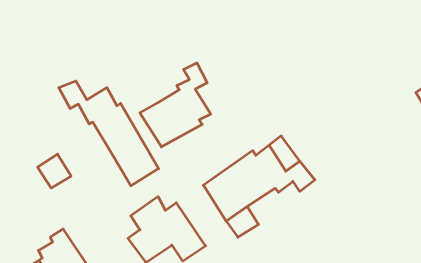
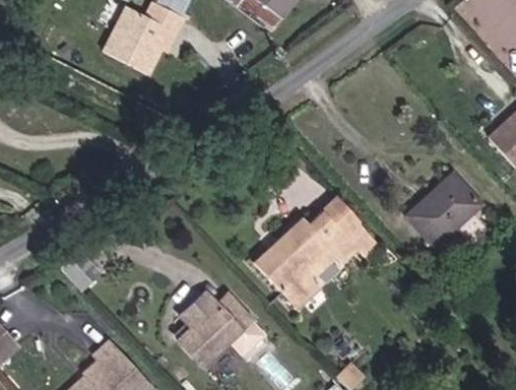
building: [140,63,211,147] -> none
building: [59,81,159,186] -> none
building: none -> [400,167,475,240]

